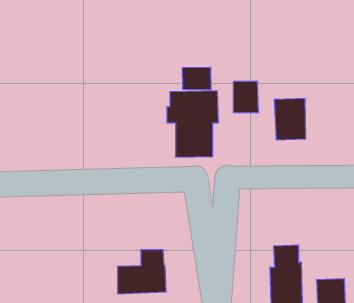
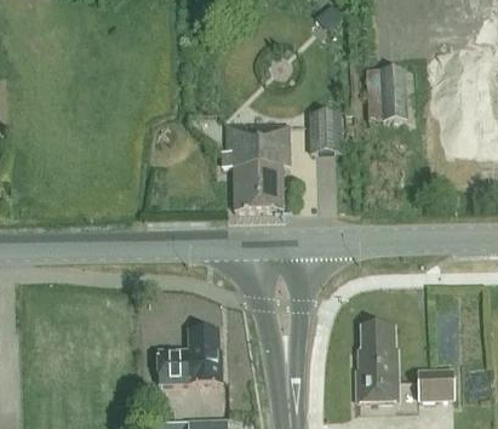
building: [183,67,211,90] -> none
building: [274,99,306,140] -> [366,65,407,119]

